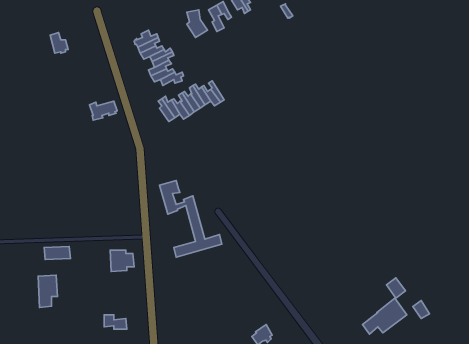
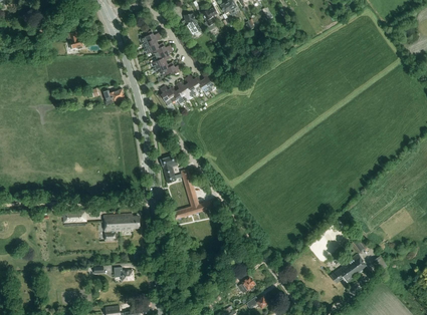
building: [38,275,57,307] -> [104,214,121,241]

